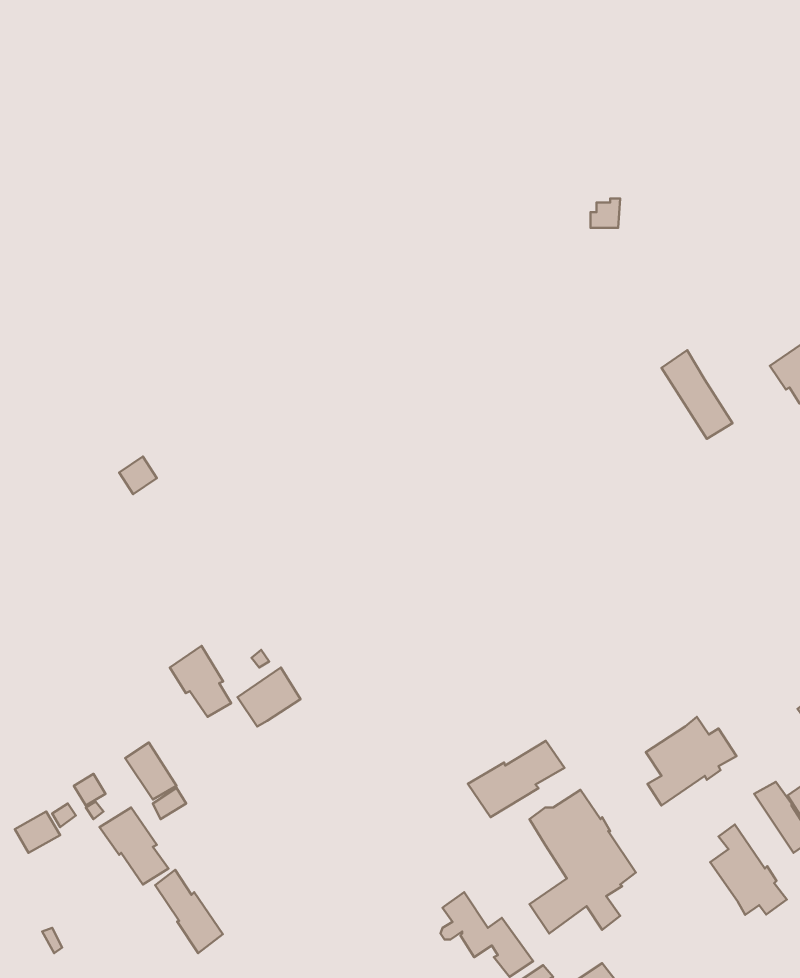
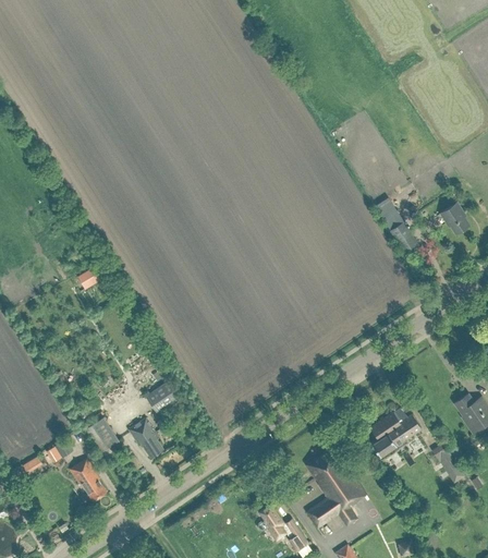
building: [170,646,231,717] -> [130,418,163,458]
building: [468,741,564,817] -> none
building: [710,824,787,915] -> none
building: [155,870,223,953] -> none

